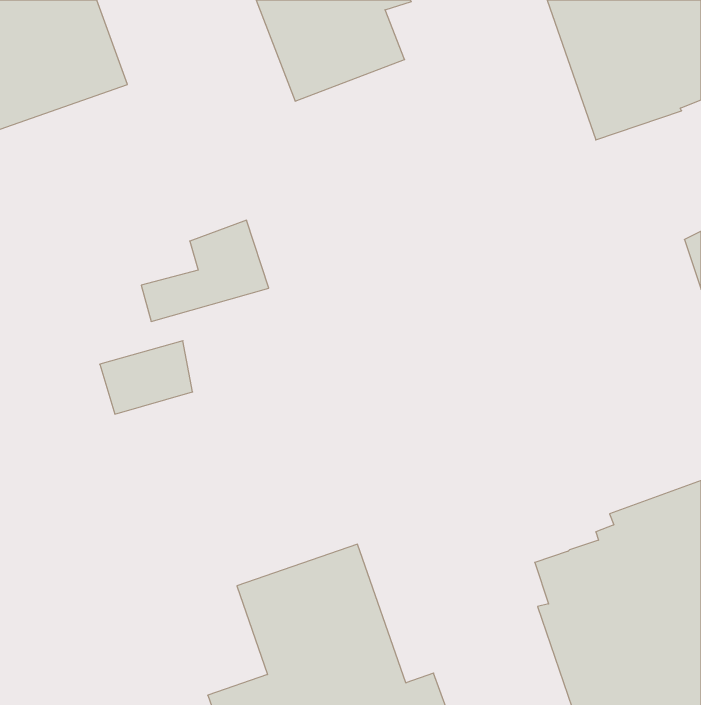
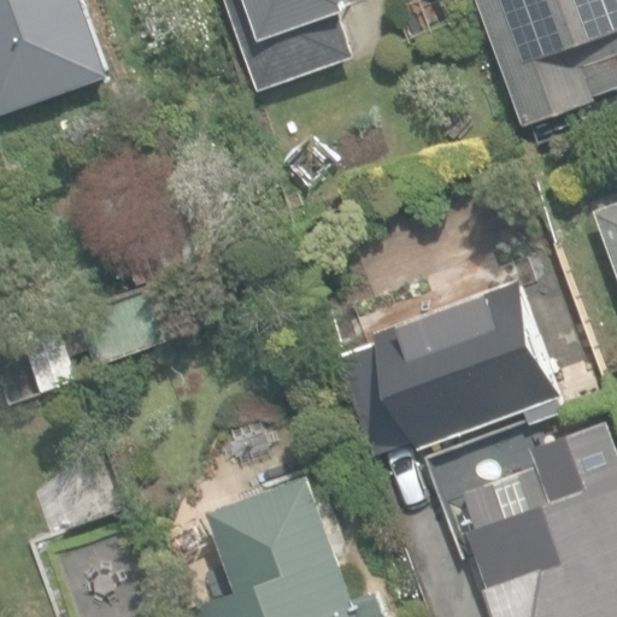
building: none -> [340,276,565,453]

